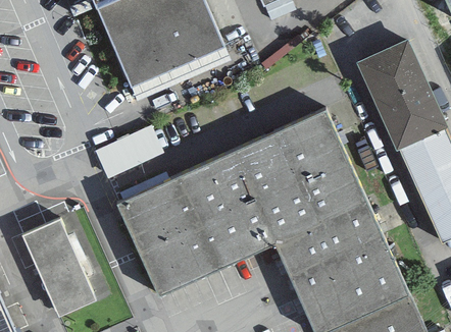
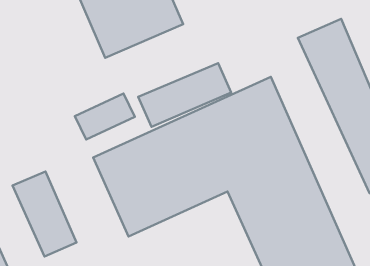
building: none -> [138,63,231,127]

